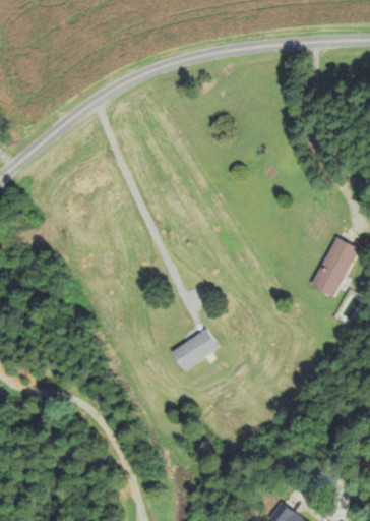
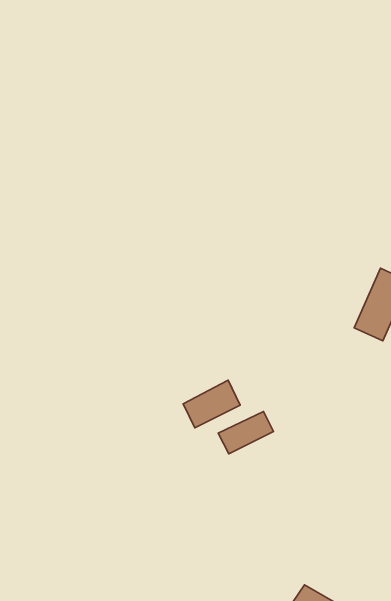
building: none -> [218,412,273,454]

